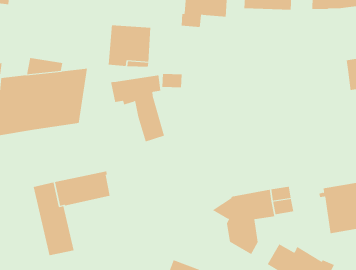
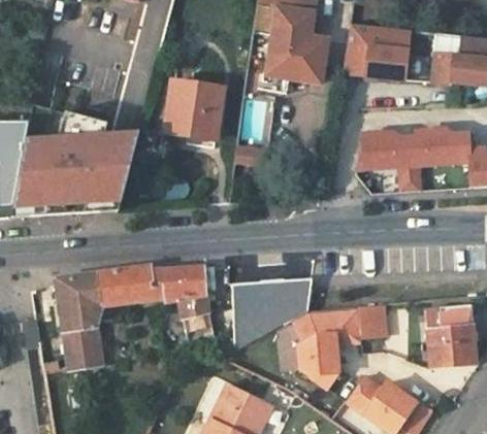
building: none -> [361,131,468,193]
building: [110,75,165,142] -> [151,267,215,352]
building: none -> [231,278,312,349]

